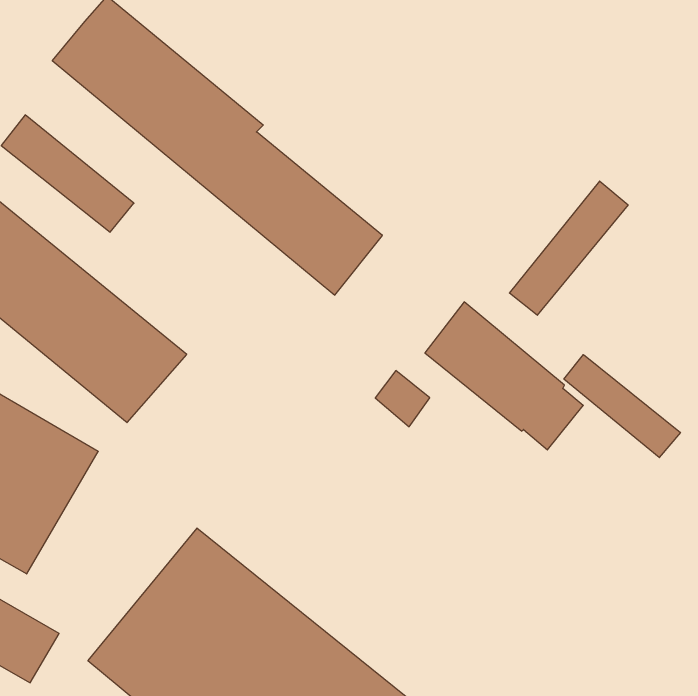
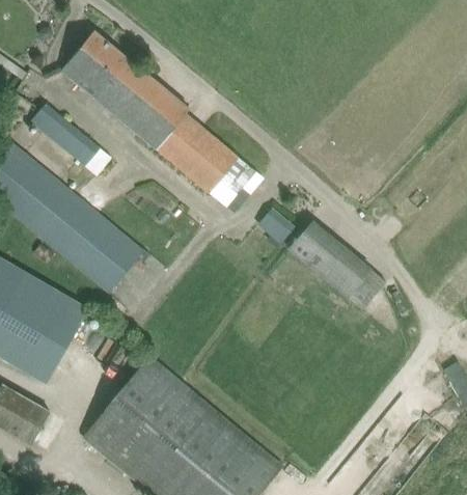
building: [509,181,628,315] -> none
building: [564,355,680,458] -> none
building: [375,371,430,427] -> [257,207,291,241]

